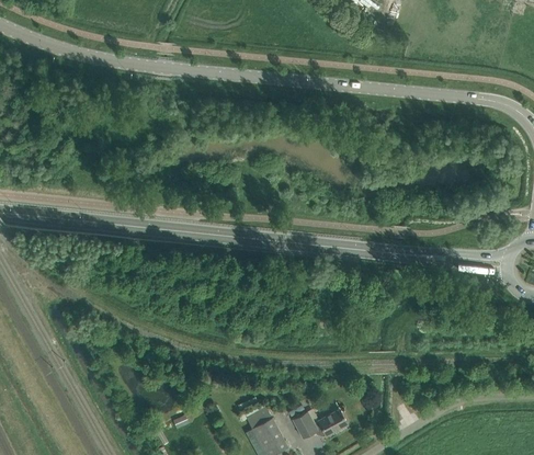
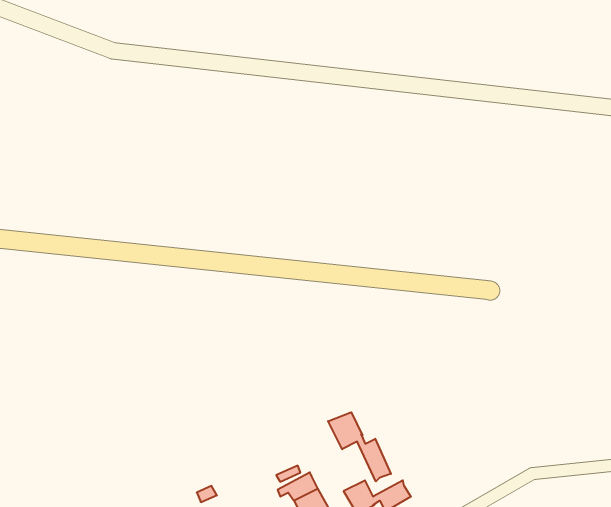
building: none -> [328,412,391,481]

